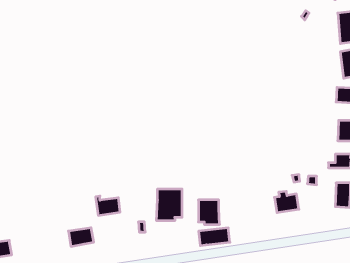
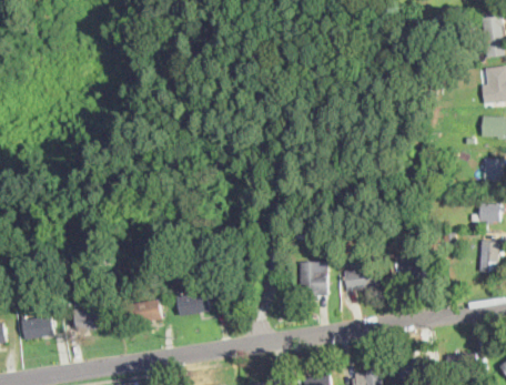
building: [157,189,182,221] -> none
building: [96,196,120,215] -> [175,291,208,316]
building: [199,228,230,246] -> [342,266,383,290]
building: none -> [72,306,105,332]

